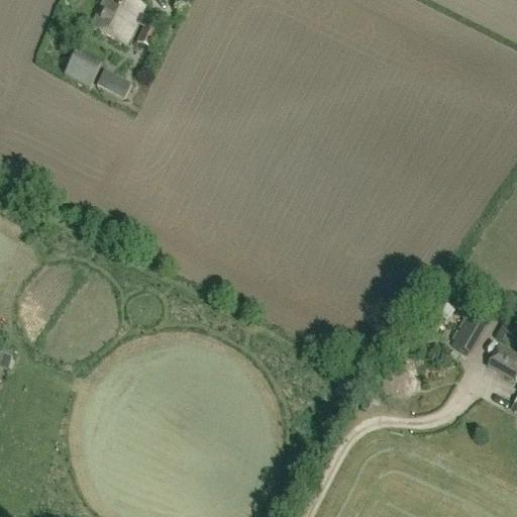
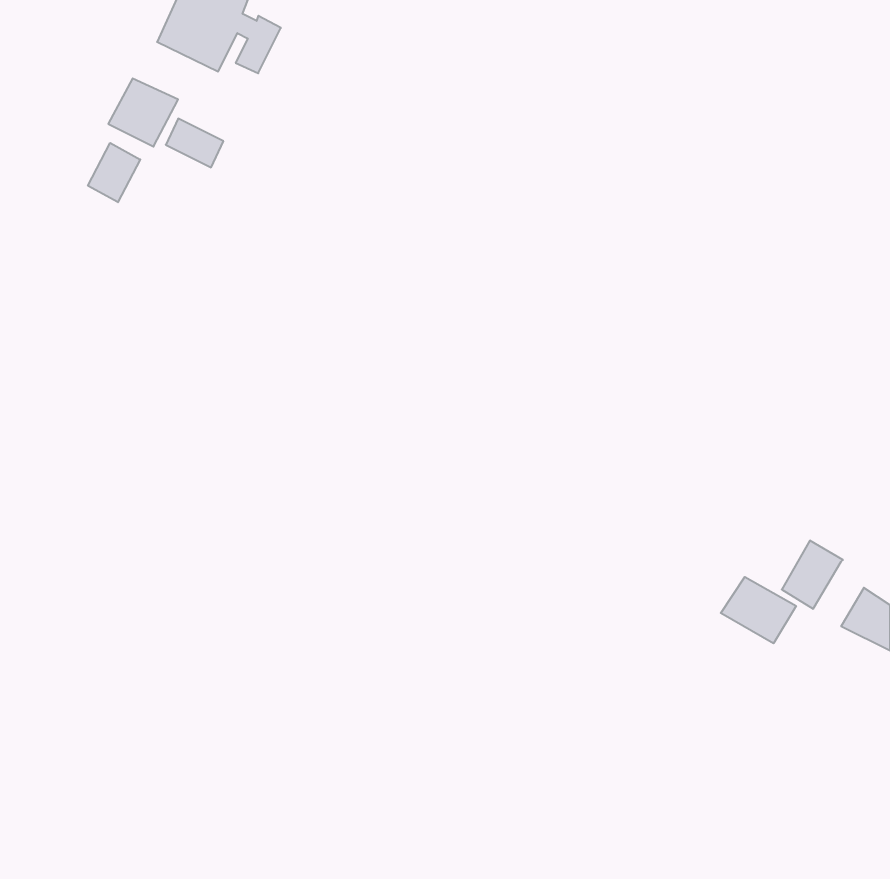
building: none -> [88,143,140,202]
building: none -> [721,577,796,643]

